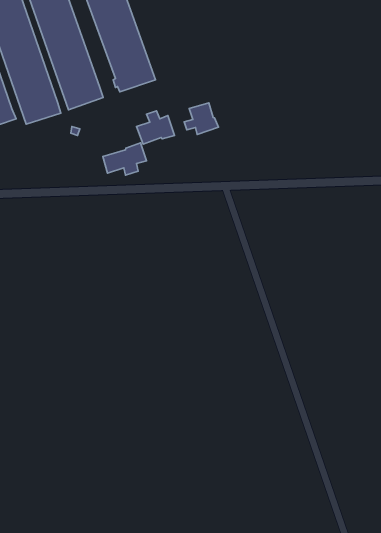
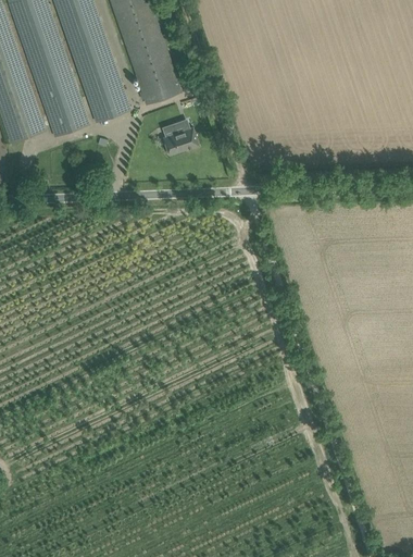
building: [184,103,219,134] -> none
building: [103,143,147,175] -> none

